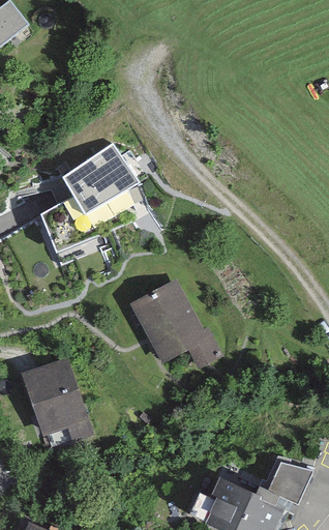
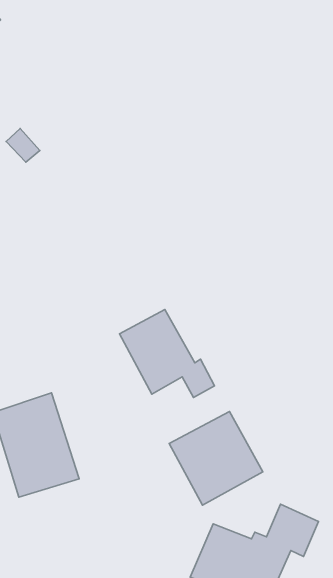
building: [39,143,139,264] -> none
building: none -> [169,412,263,505]

